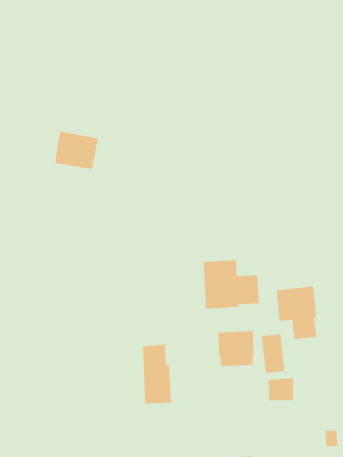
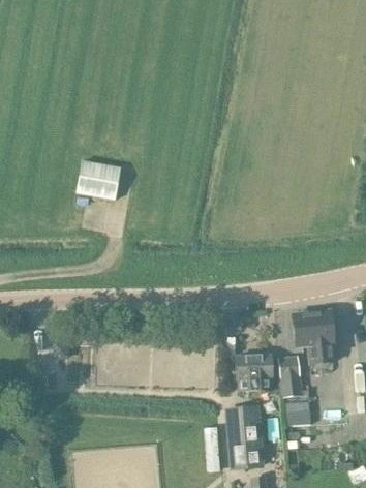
building: [203,260,260,310] -> none
building: [142,344,172,404] -> [231,408,260,467]

